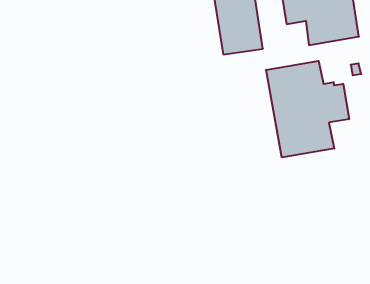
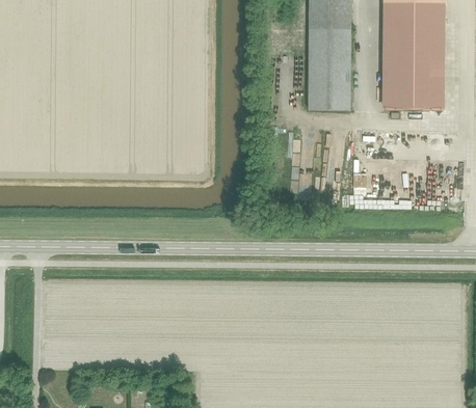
building: [266,61,349,157] -> none

